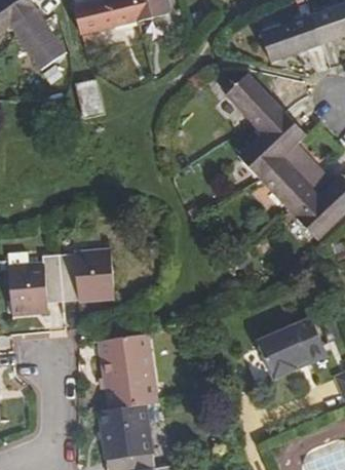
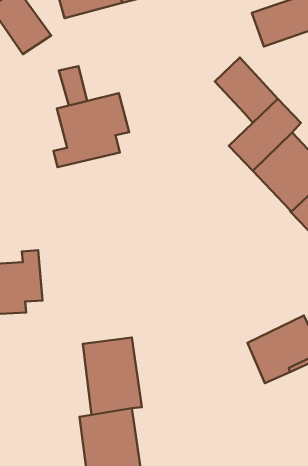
building: none -> [54,93,129,167]
building: [57,251,111,302] -> none

